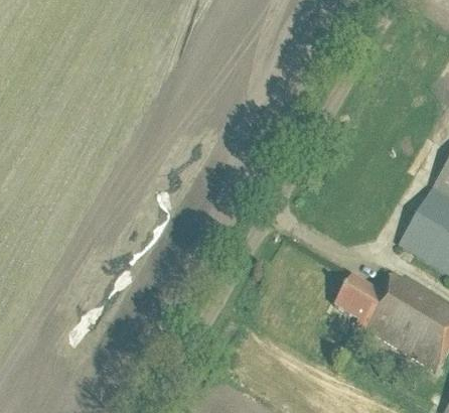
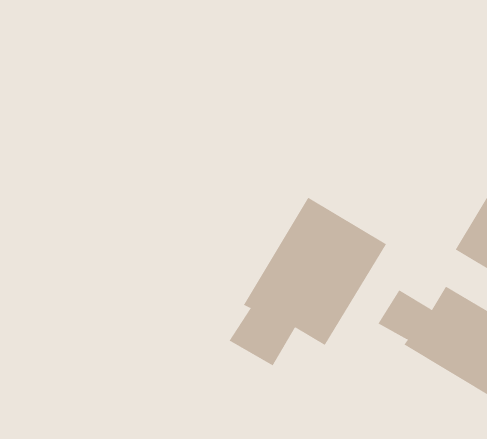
building: none -> [229,197,387,366]

